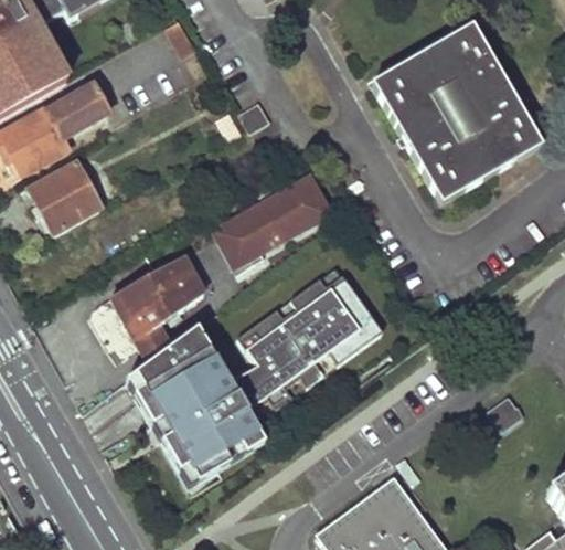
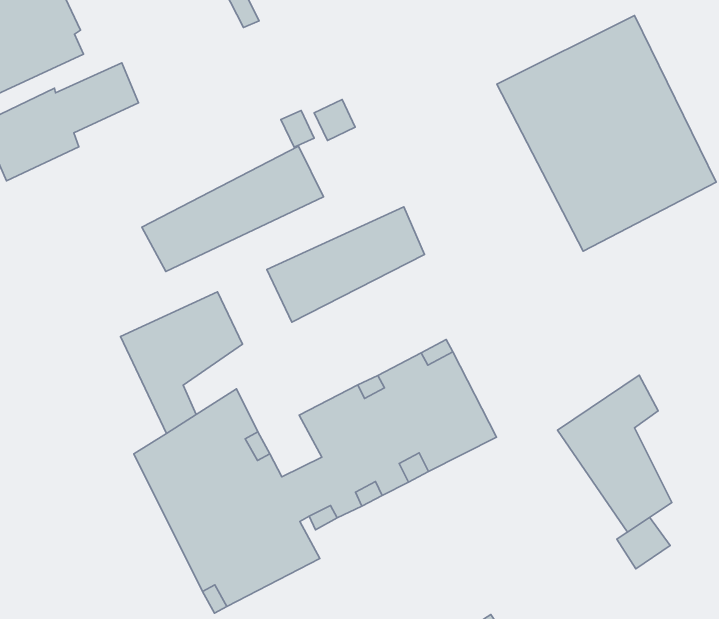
building: none -> [142,146,323,271]
building: [30,160,102,232] -> none
building: none -> [557,375,672,532]

